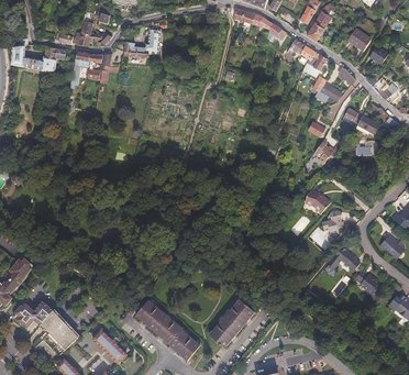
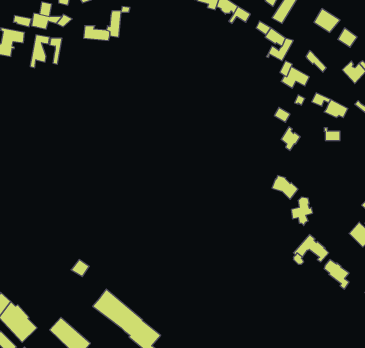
building: [207,297,252,345] -> none

